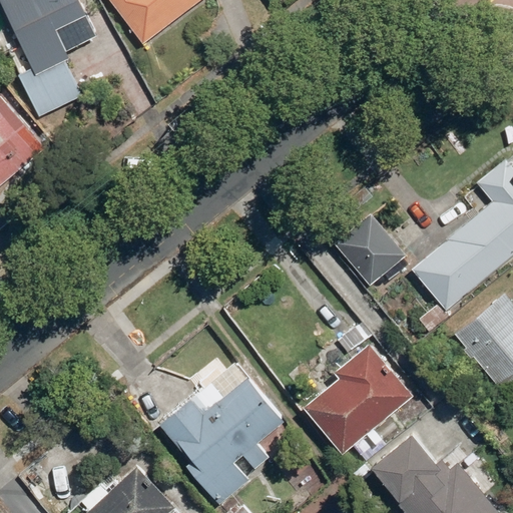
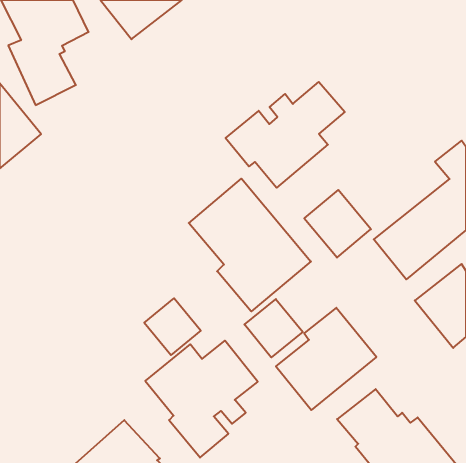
building: none -> [226,82,345,188]
building: none -> [189,179,311,311]
building: none -> [144,298,201,355]
building: none -> [244,299,303,357]

